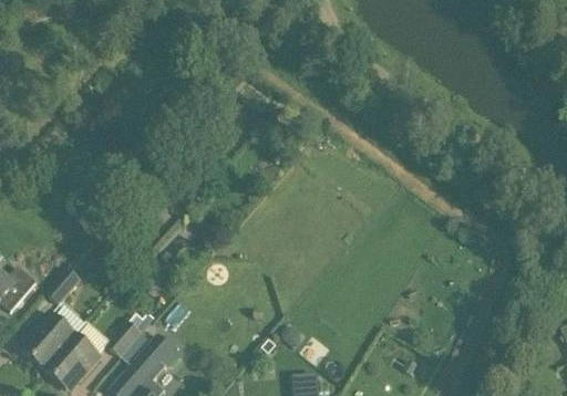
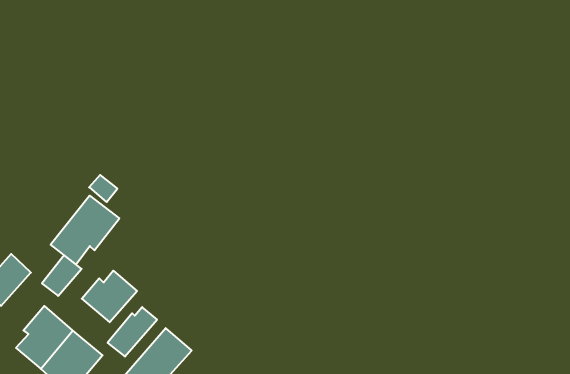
building: none -> [51,196,119,265]
building: none -> [82,271,137,322]

